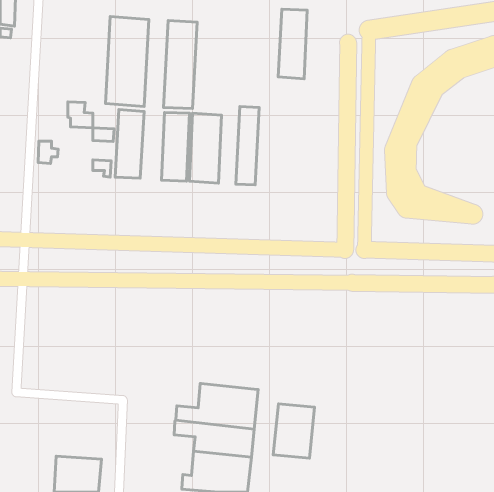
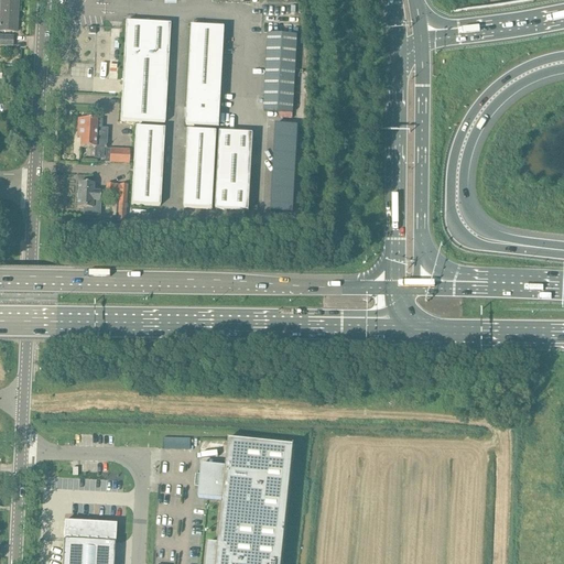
building: [278,9,307,79] -> [263,31,296,110]
building: [38,141,58,164] -> [77,181,100,206]
building: [273,404,315,458] -> none

